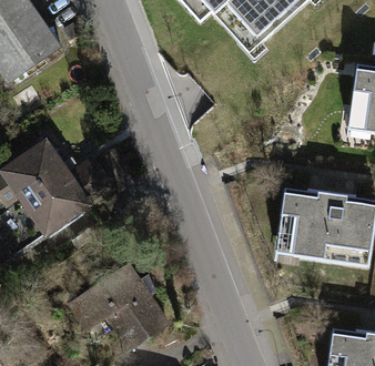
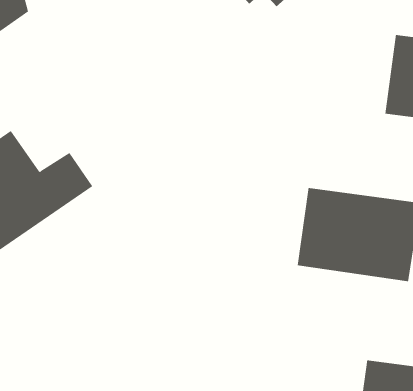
building: [70,264,166,346] -> none

